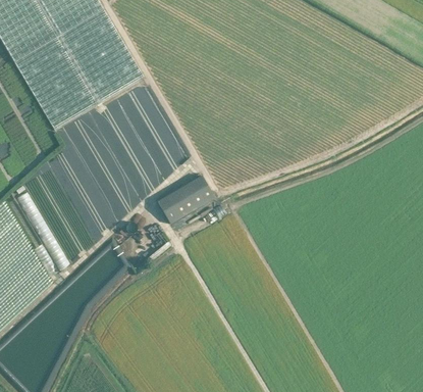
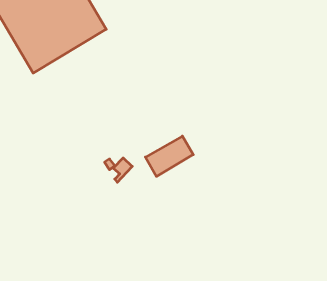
building: [155,172,213,220] -> [145,136,193,176]

